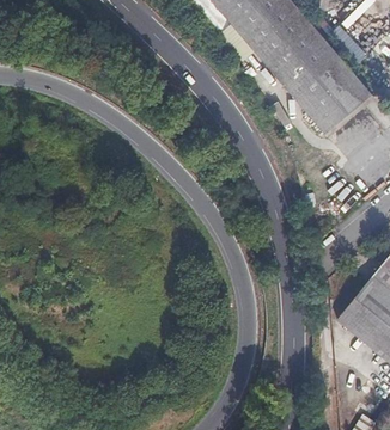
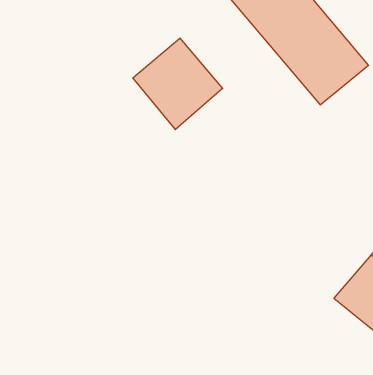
building: none -> [133,38,223,130]

